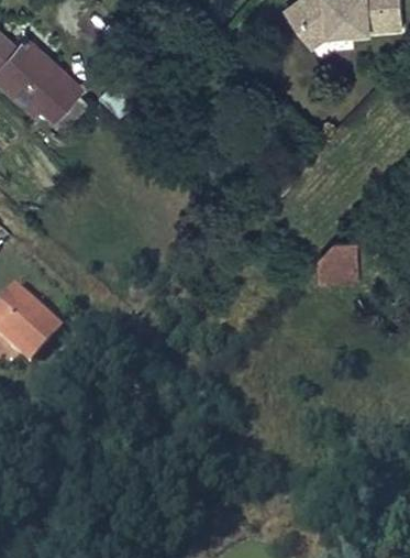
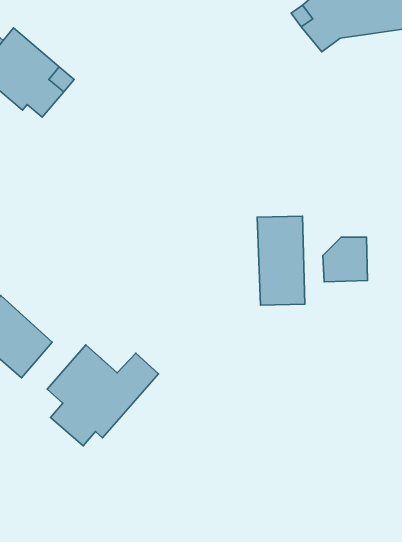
building: none -> [257,216,305,305]
building: none -> [47,345,159,446]

